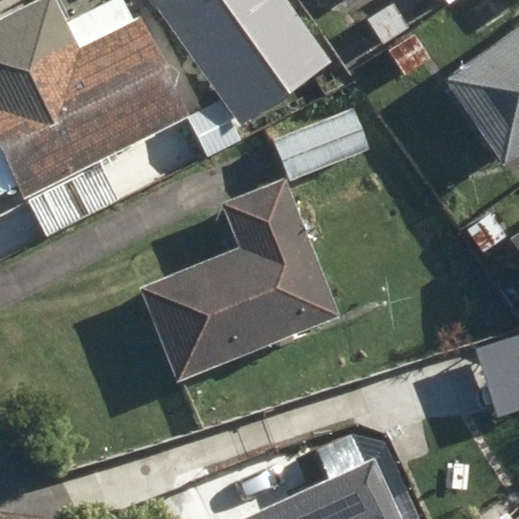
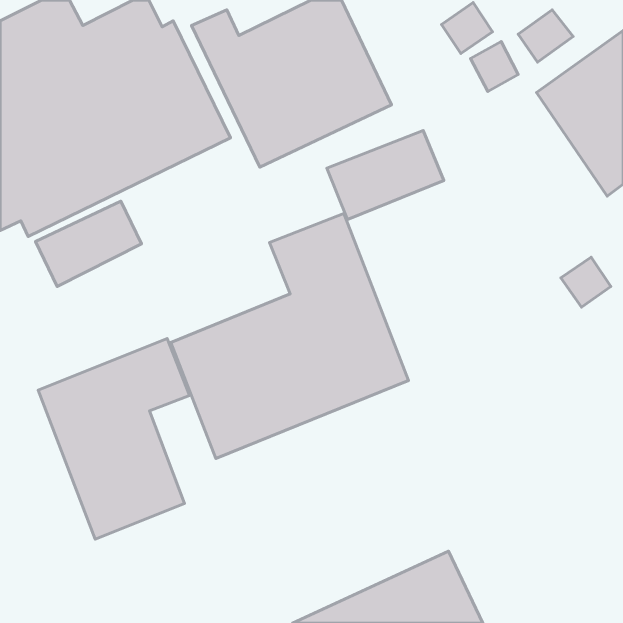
building: none -> [38,339,190,539]

